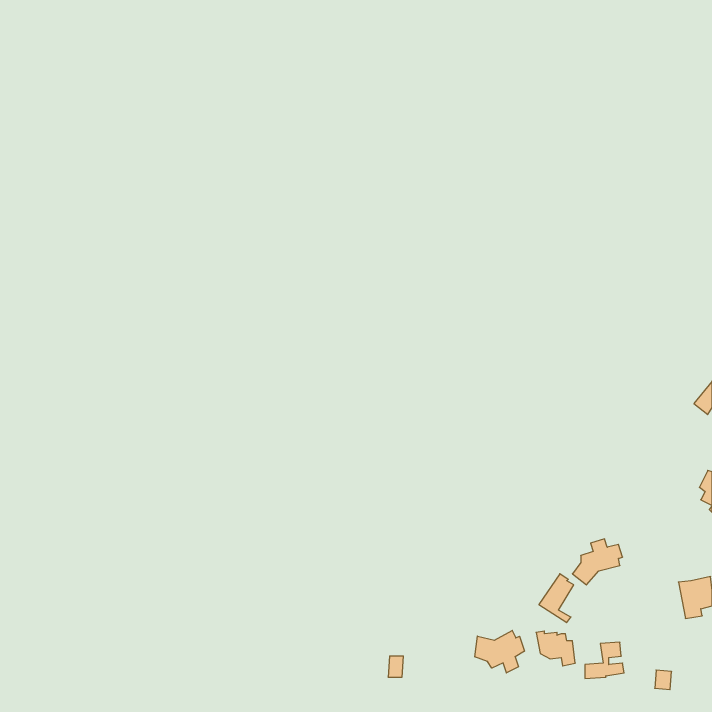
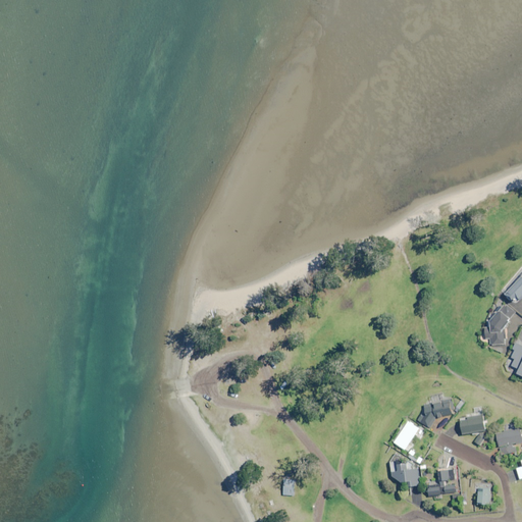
building: none -> [485,303,516,344]
building: none -> [461,407,485,434]
building: [475,630,524,673] -> none

